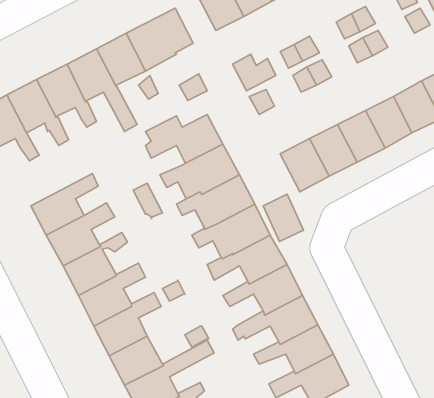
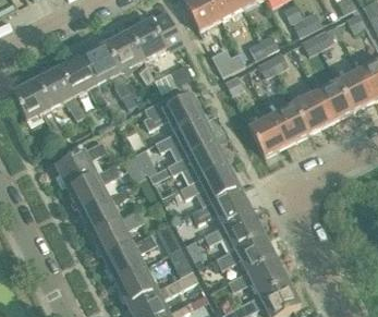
building: [263,194,303,242] -> none

